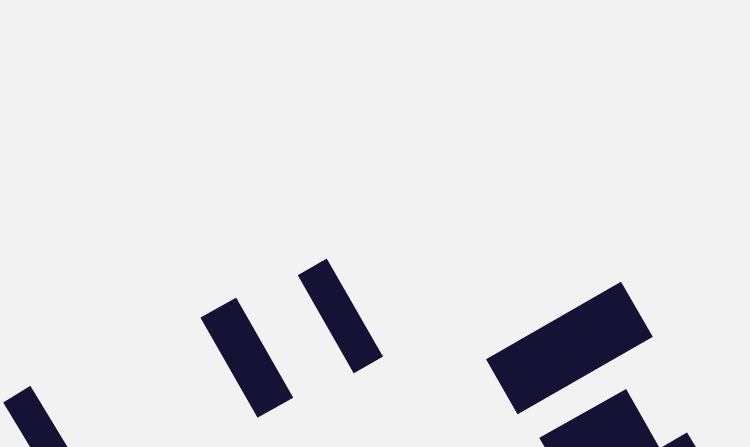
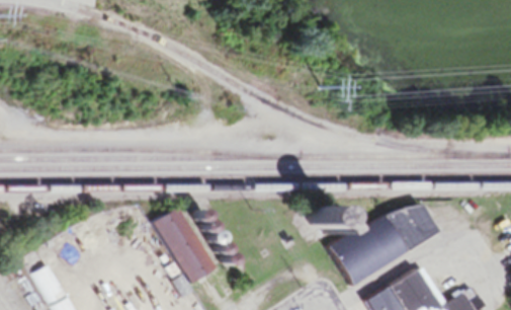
building: [297,258,384,374] -> none

